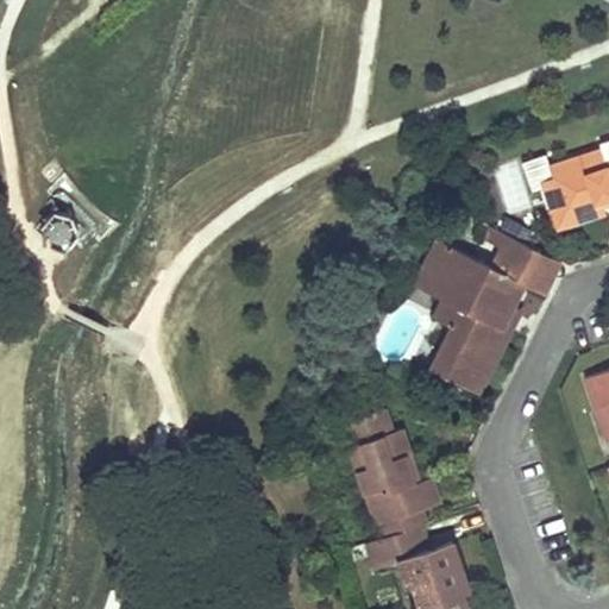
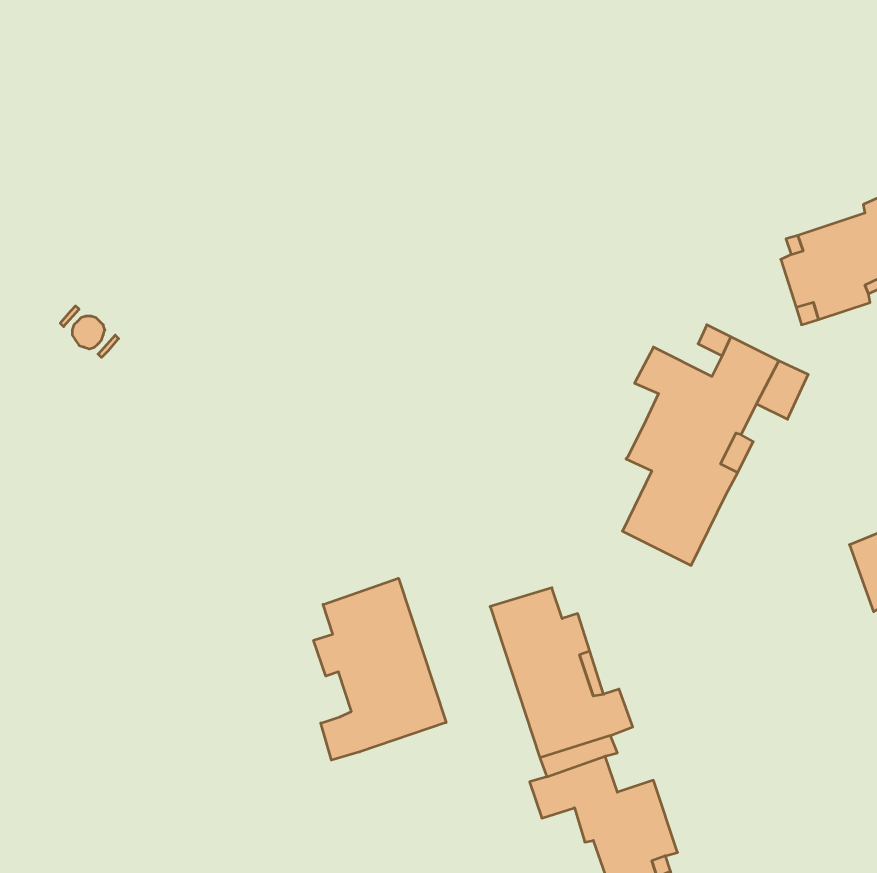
building: [413,236,457,299] -> none
building: none -> [314,578,446,760]

